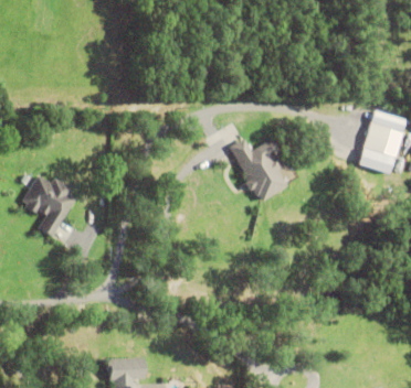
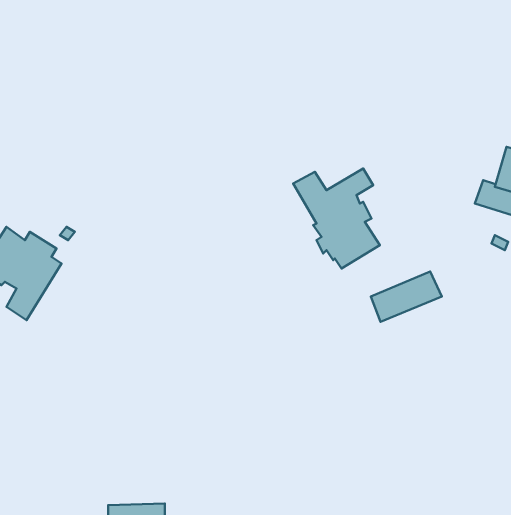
building: none -> [371,271,442,322]

